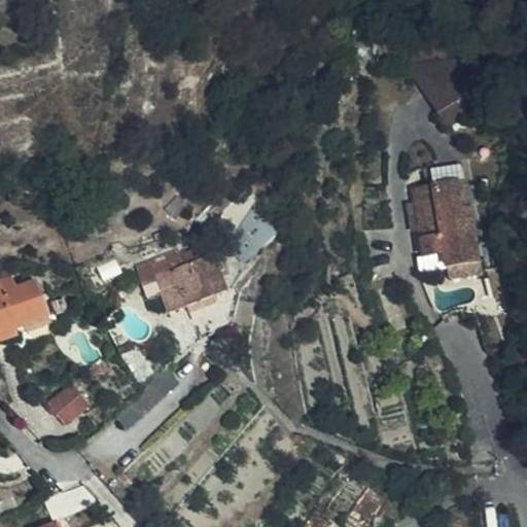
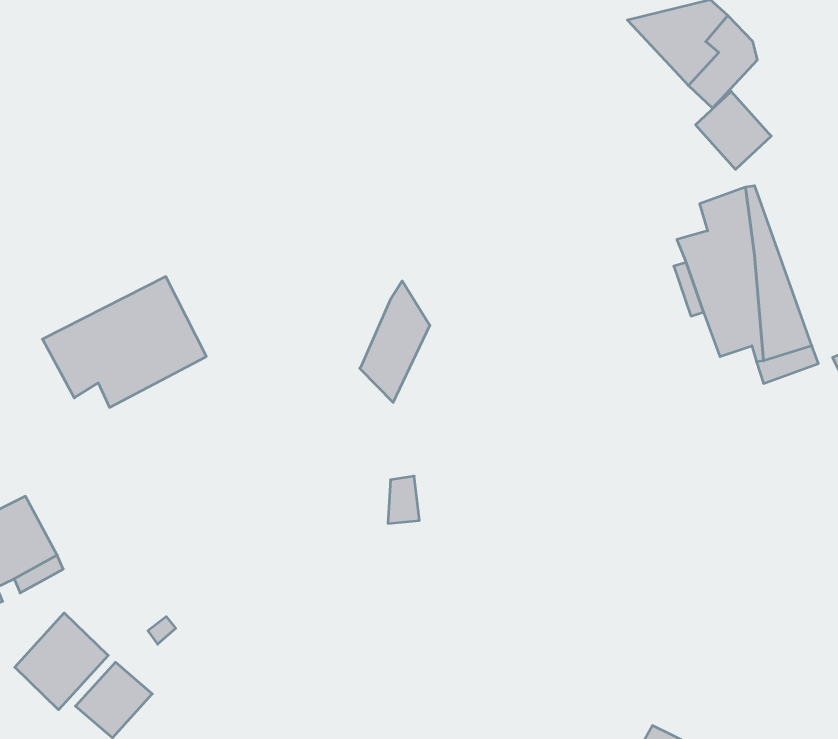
building: none -> [696,91,771,169]
building: [134,244,222,311] -> [42,277,206,407]
building: none -> [15,613,108,710]

